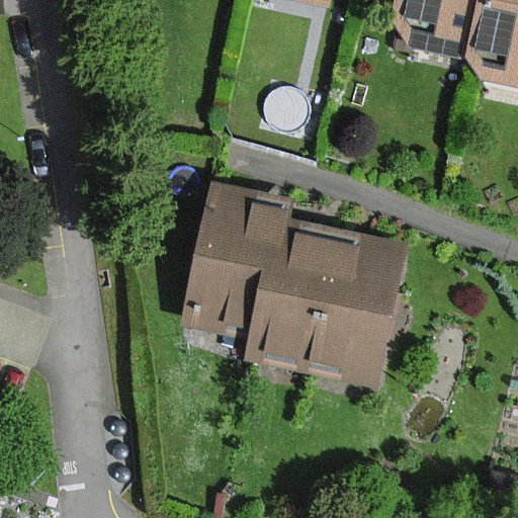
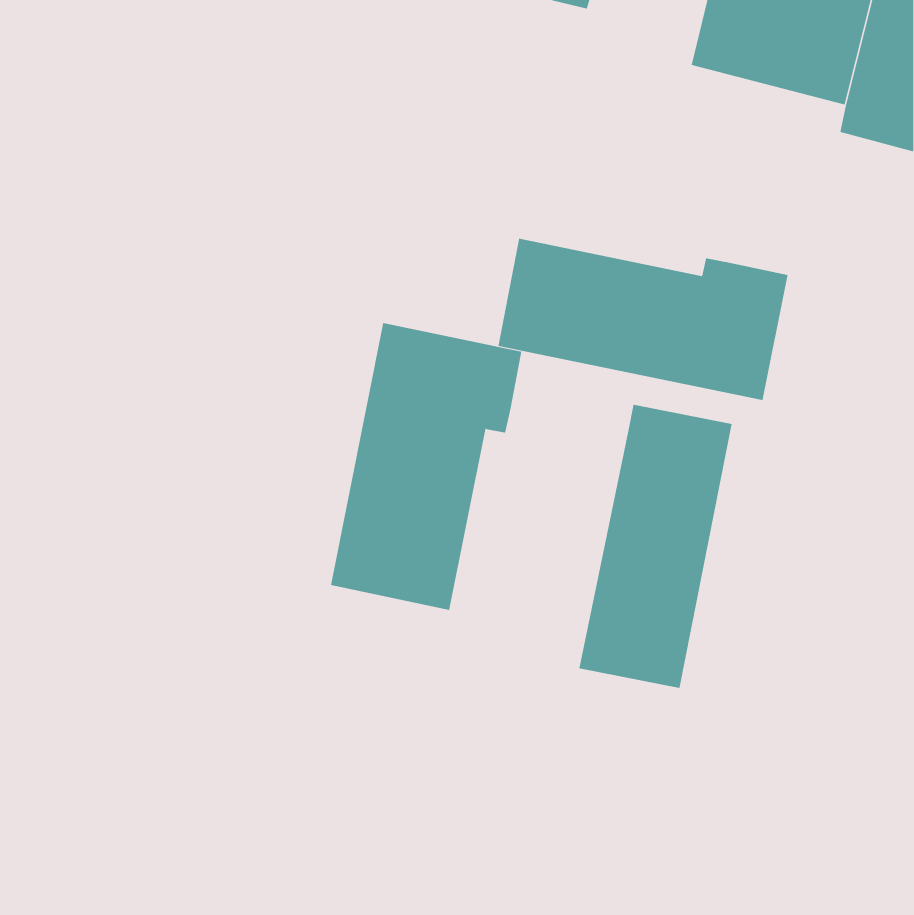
building: none -> [498,238,788,401]
building: [248,228,350,373] -> none

